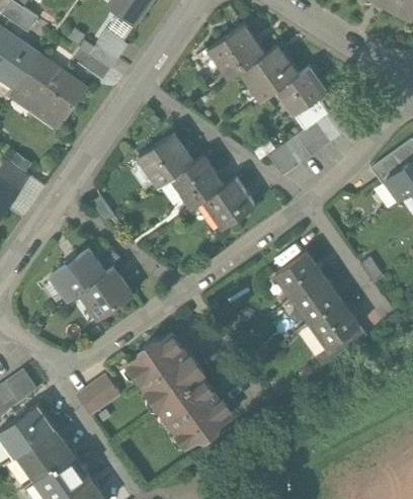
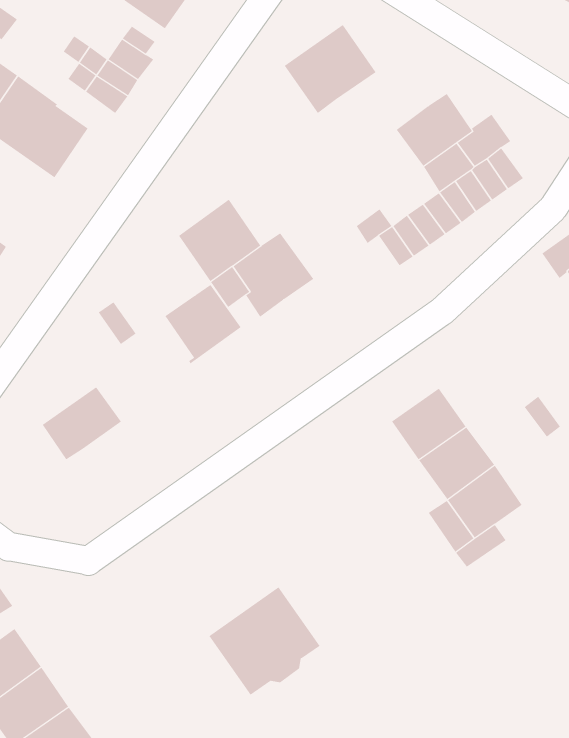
building: [240,45,298,99] -> none
building: [206,176,255,227] -> [165,284,241,364]
building: [80,268,131,317] -> none
building: [127,331,203,409] -> none
building: [75,376,117,415] -> none

